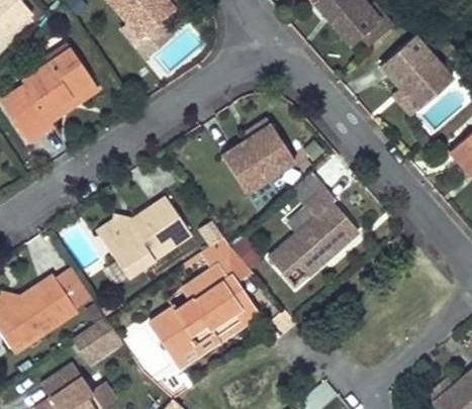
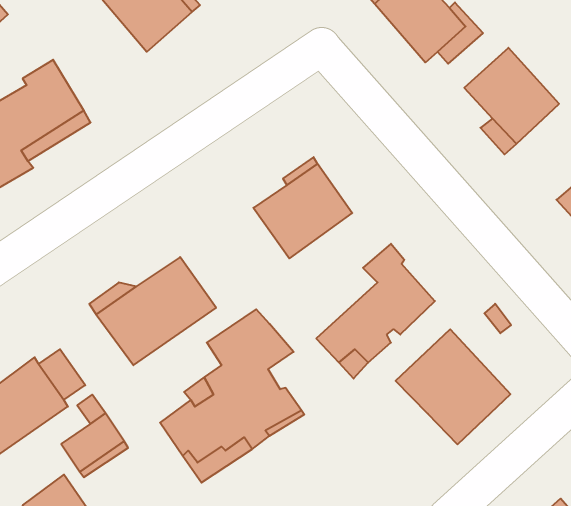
building: none -> [396,329,510,444]

